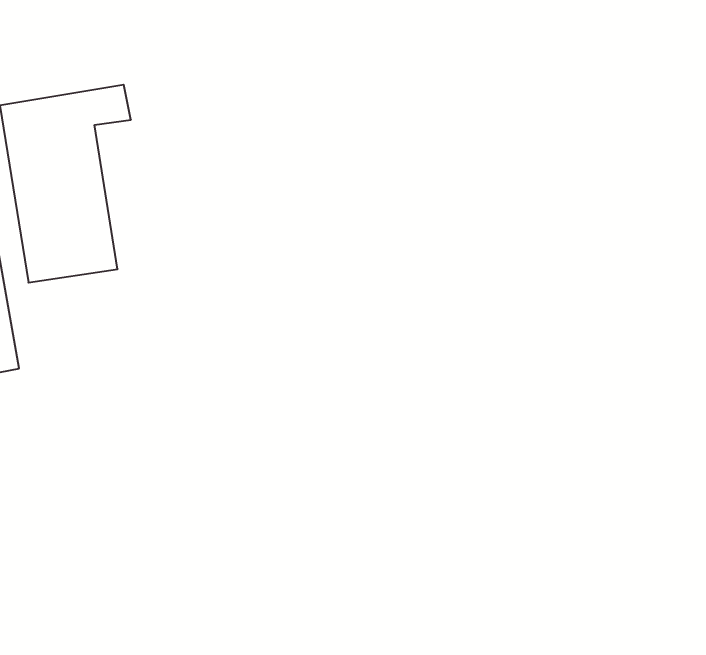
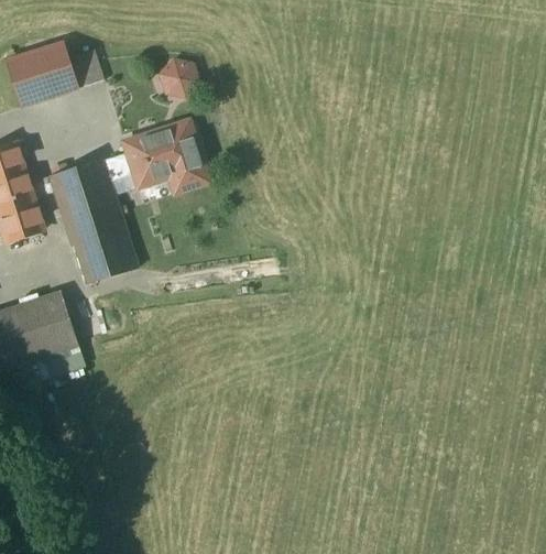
building: none -> [125,128,214,198]

